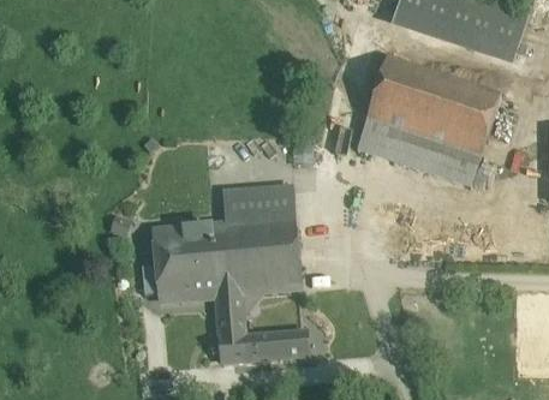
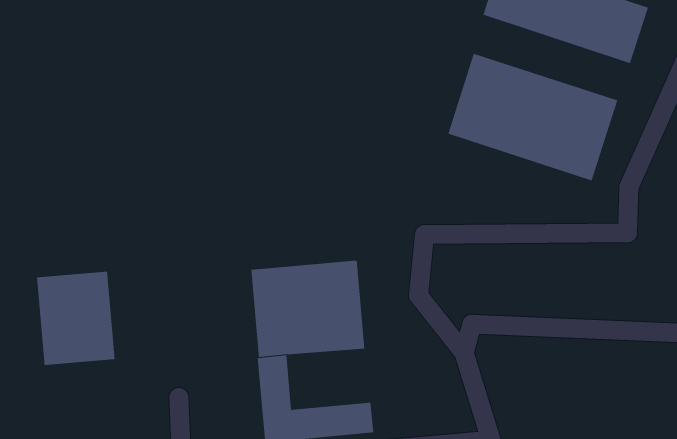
building: [356,118,479,185] -> none
building: [222,184,293,223] -> none
building: [154,225,216,299] -> [36,271,115,366]

